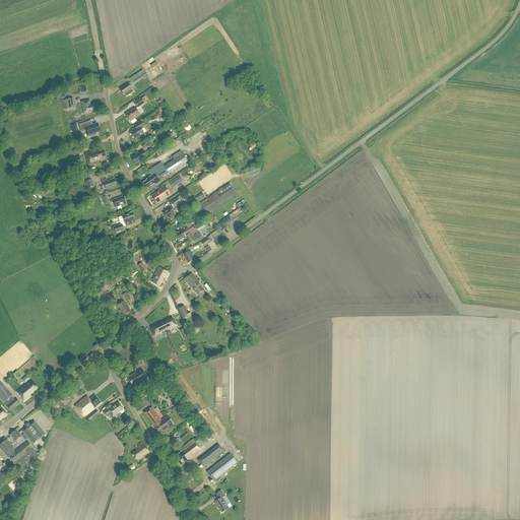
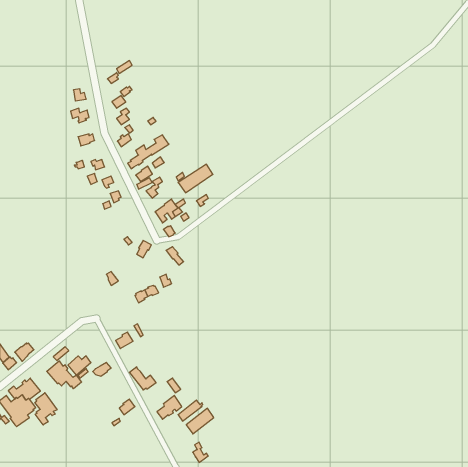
building: none -> [47,361,82,389]
building: none -> [35,393,57,425]

